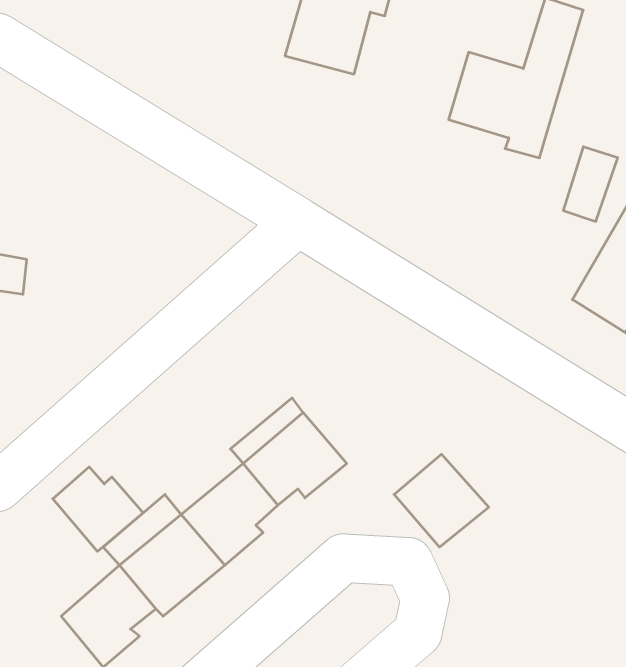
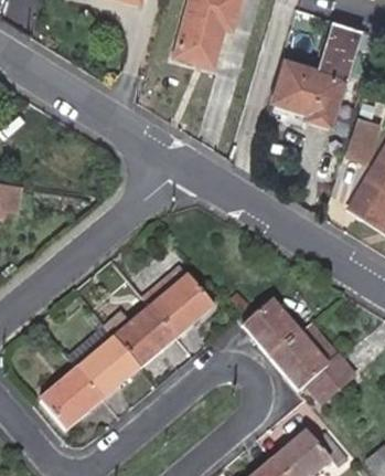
building: [53,467,143,551] -> none
building: none -> [269,324,352,401]

